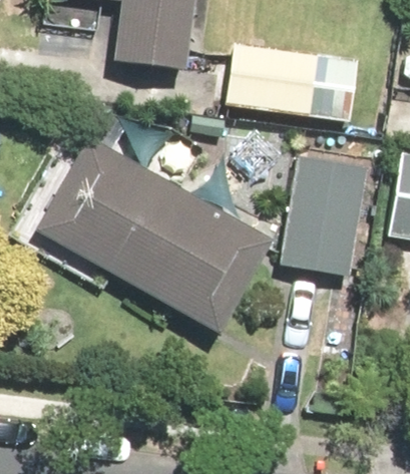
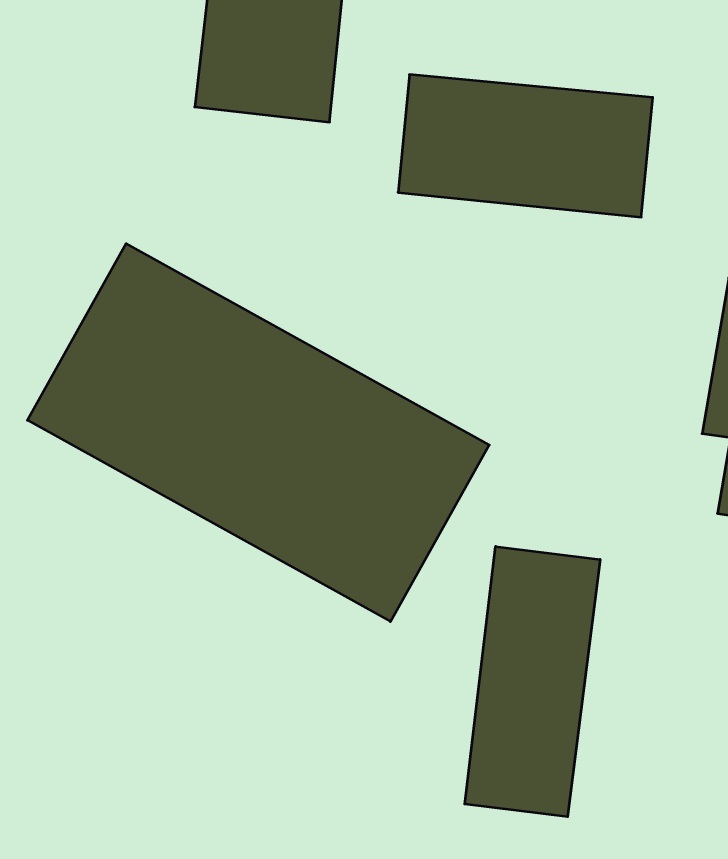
building: [278,154,366,276] -> none
building: none -> [465,546,600,817]

